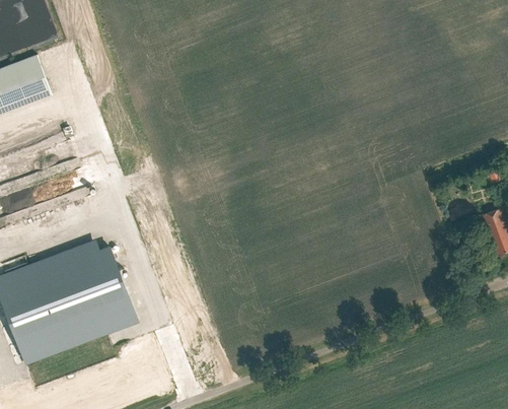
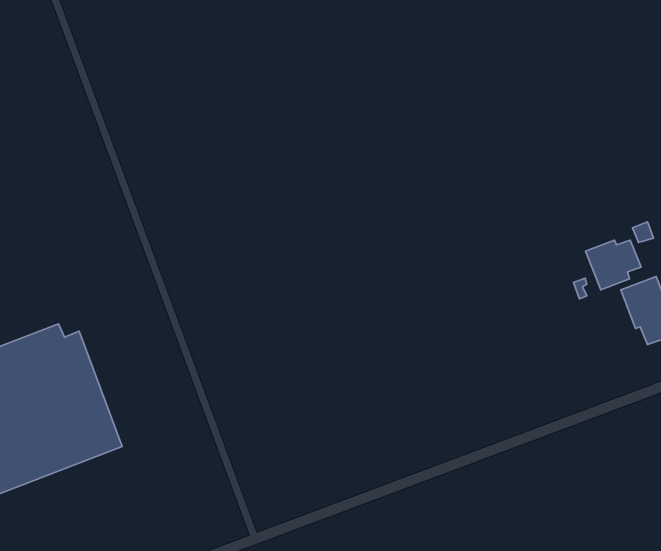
building: none -> [586,240,641,290]

